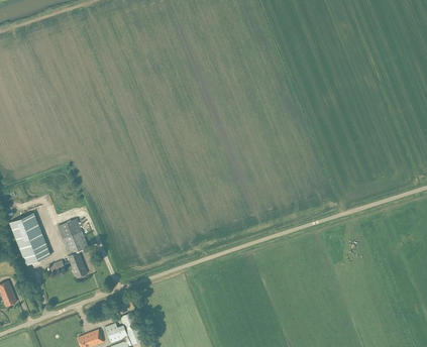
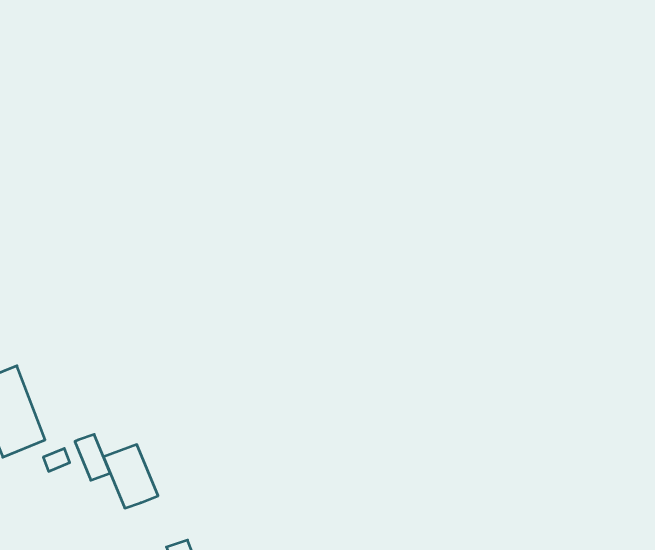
building: [58,218,89,254] -> [104,445,158,508]

